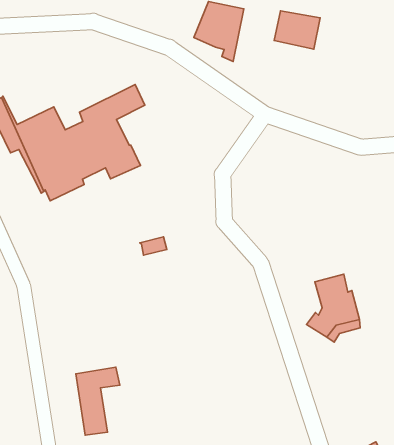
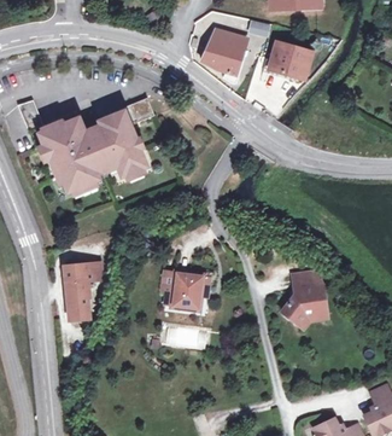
building: none -> [160,273,200,310]
building: [76,367,120,435] -> [64,262,101,319]

